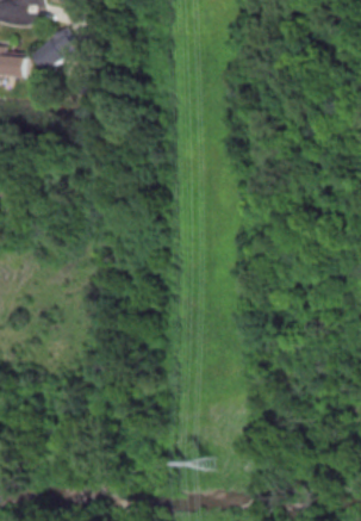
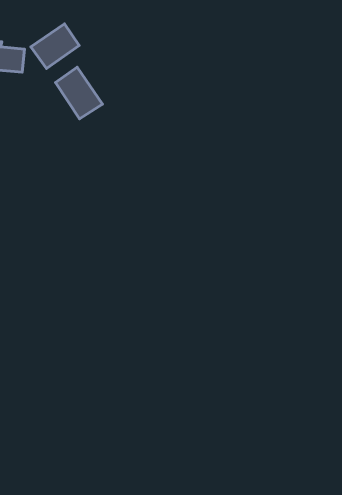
building: none -> [56,67,102,119]

